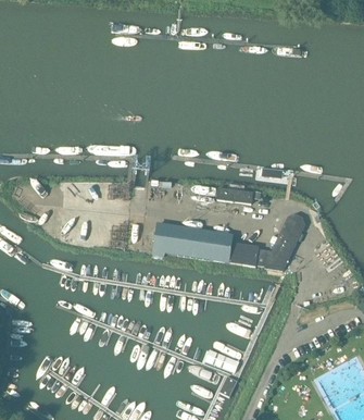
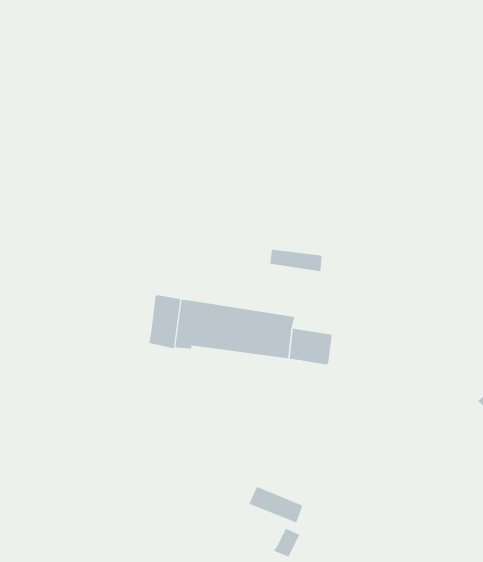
building: [256,212,304,269] -> none
building: none -> [149,295,181,349]

